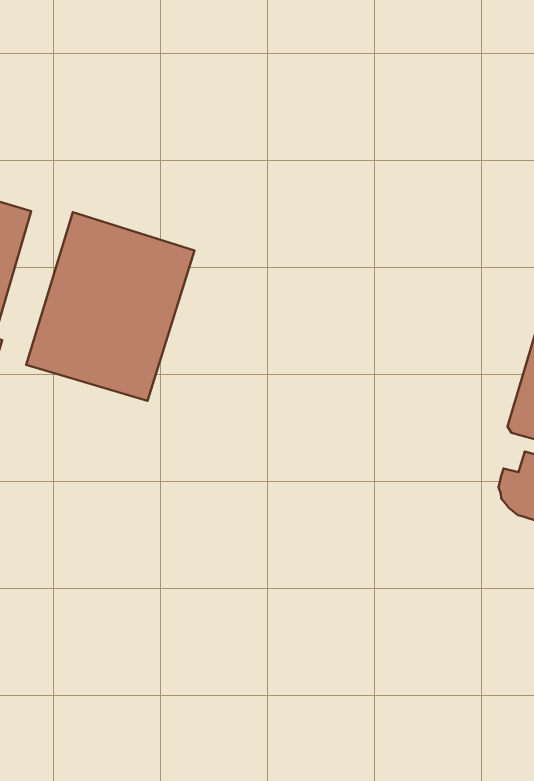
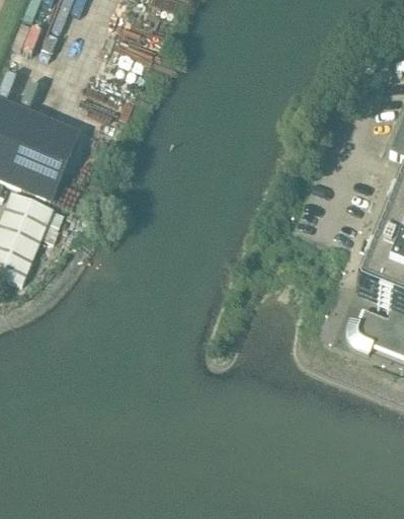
building: [26,212,195,401] -> none

